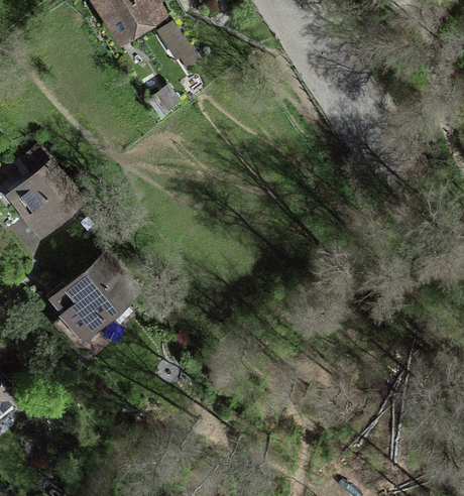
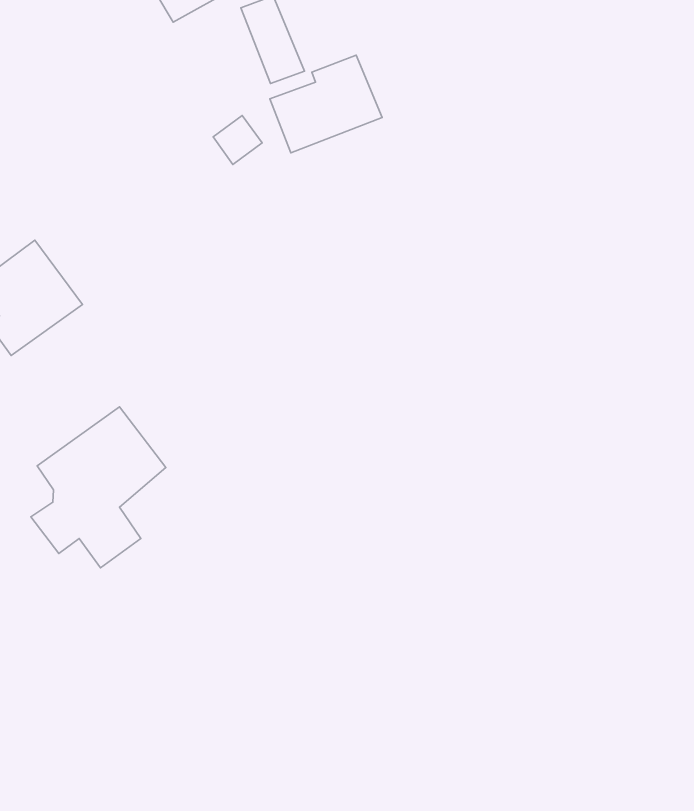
building: none -> [270,55,382,153]

